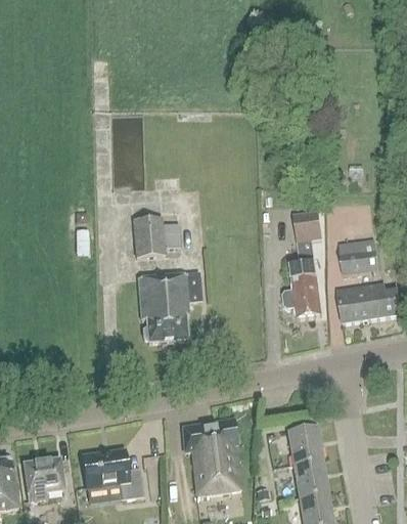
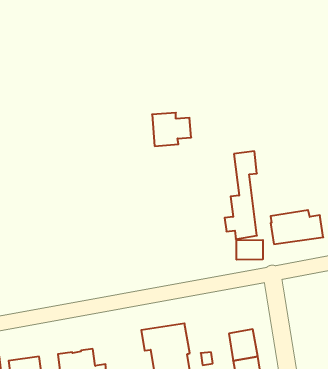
building: [133,216,180,256] -> [152,113,191,146]
building: [336,238,377,274] -> none
building: [137,271,201,342] -> none
building: none -> [237,240,263,260]

